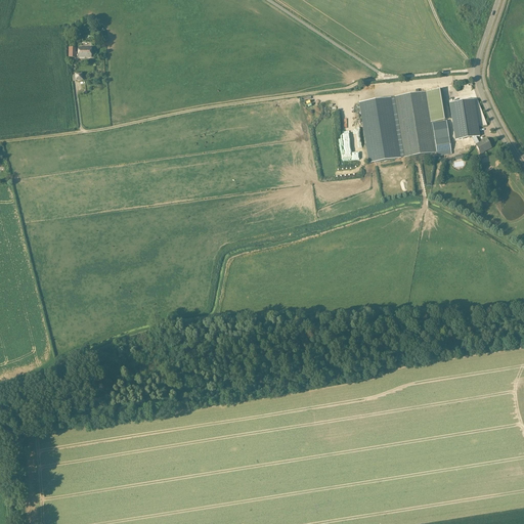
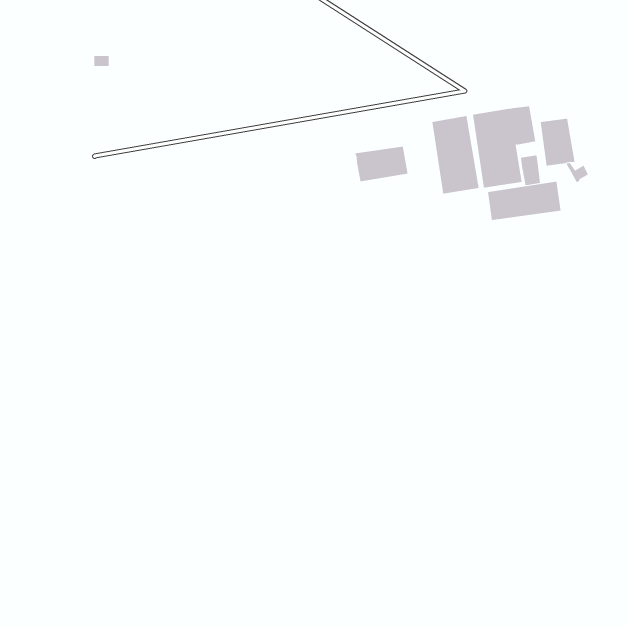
building: none -> [355,146,408,182]
building: none -> [488,181,561,221]

